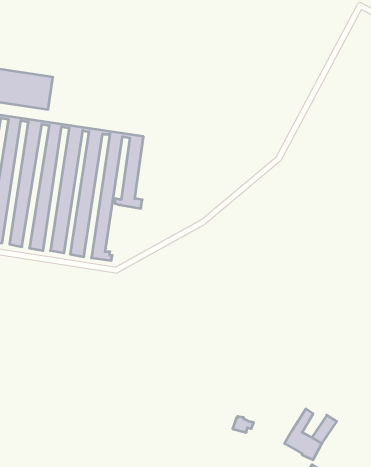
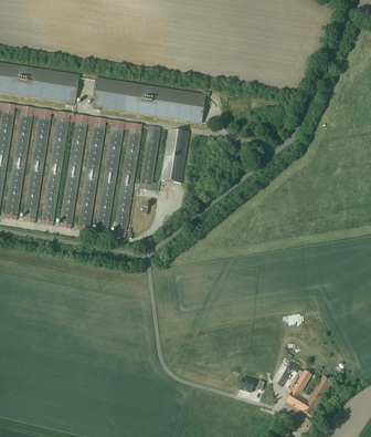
building: none -> [89,76,205,123]
building: none -> [161,129,189,184]

